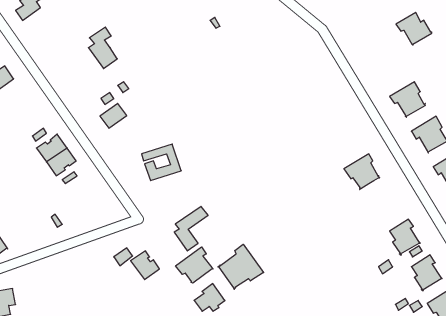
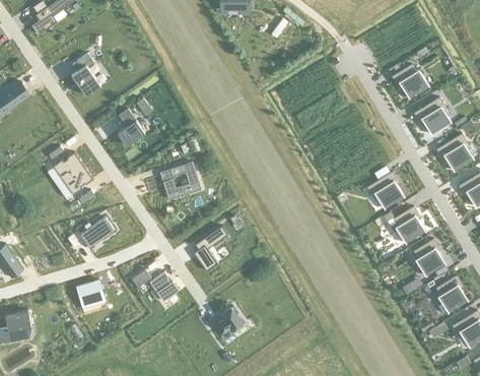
building: [396,12,432,45] -> [391,65,427,99]
building: [88,27,117,69] -> [70,54,99,97]
building: none -> [393,207,424,244]
building: none -> [79,218,114,249]
building: [218,244,264,289] -> none
building: [176,247,213,283] -> none
building: none -> [75,280,105,308]

